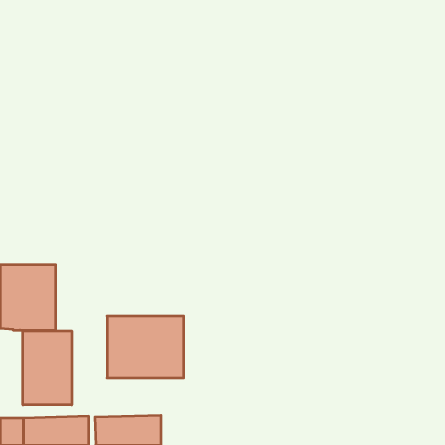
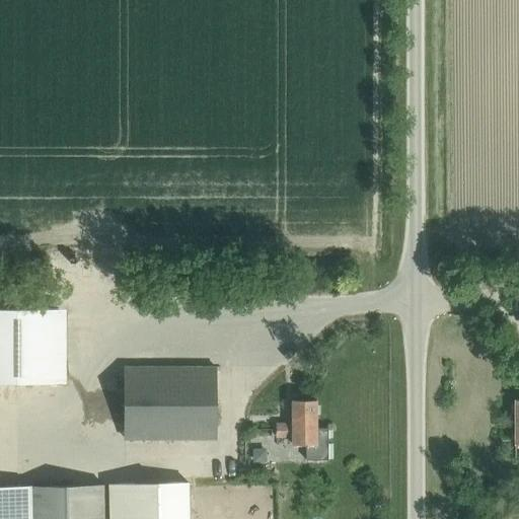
building: [23,331,72,405] -> none
building: none -> [275,400,327,461]

